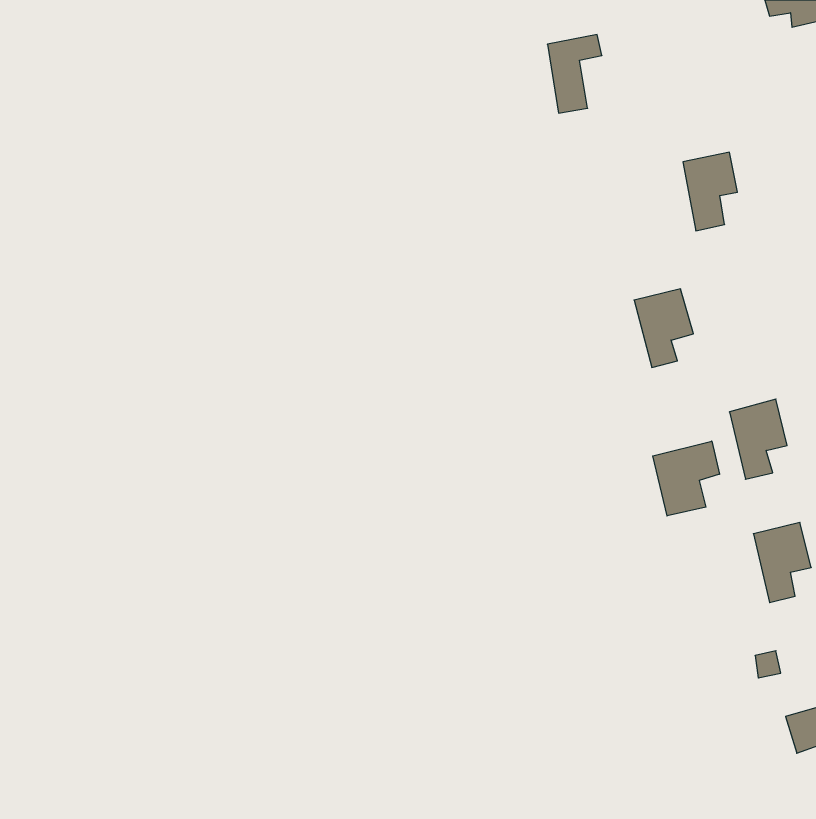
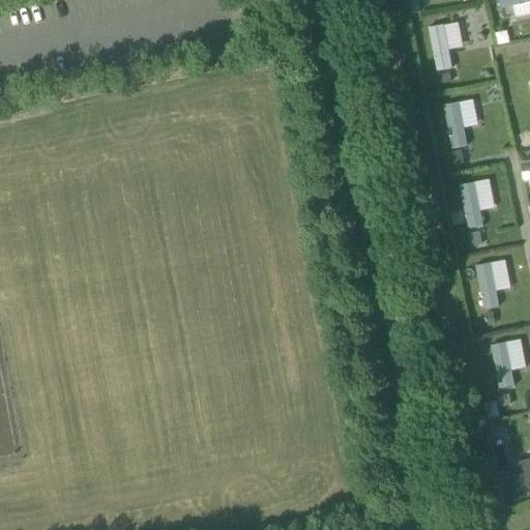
building: [547,35,602,113] -> [428,21,463,71]
building: [634,289,693,367] -> [458,178,496,229]
building: [653,441,720,516] -> none

